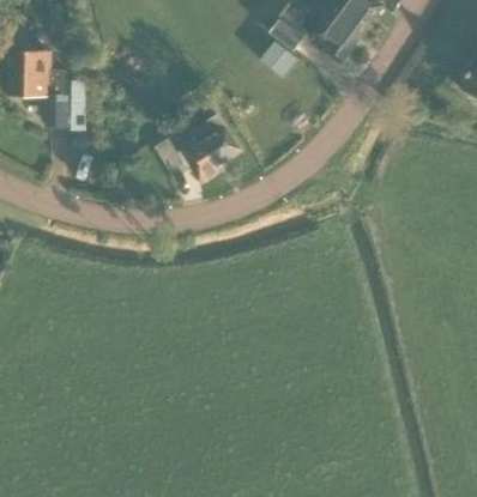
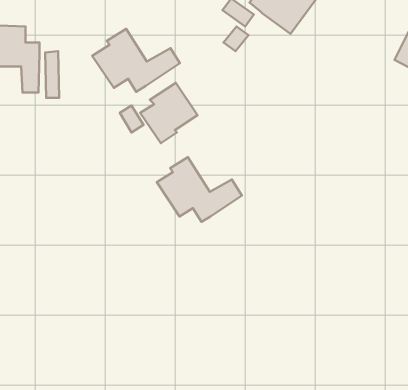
building: none -> [92,29,180,92]
building: none -> [157,157,242,222]

